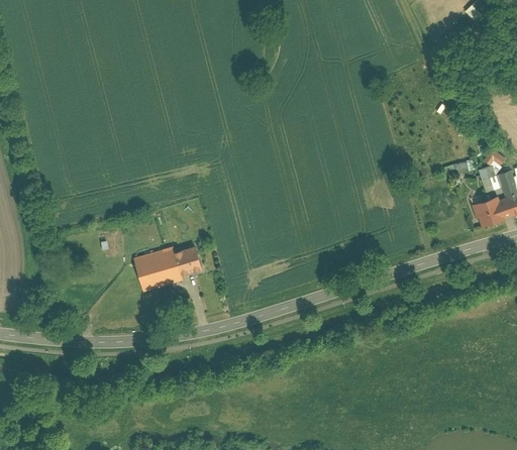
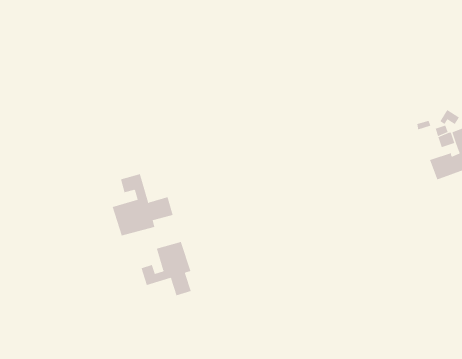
building: none -> [141,241,192,296]

